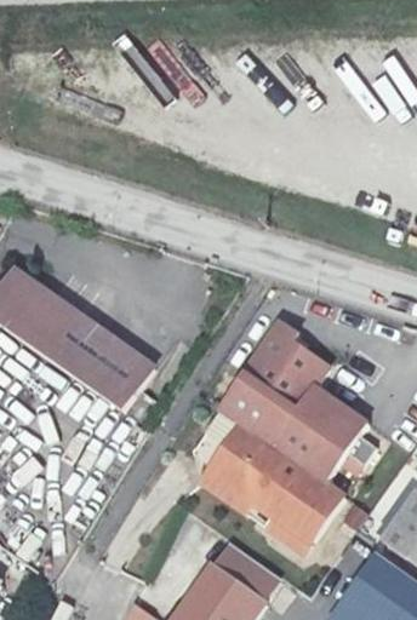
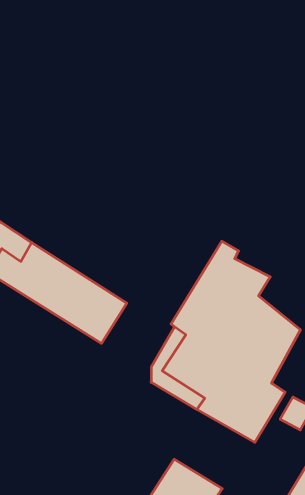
building: [208,541,275,597] -> none

